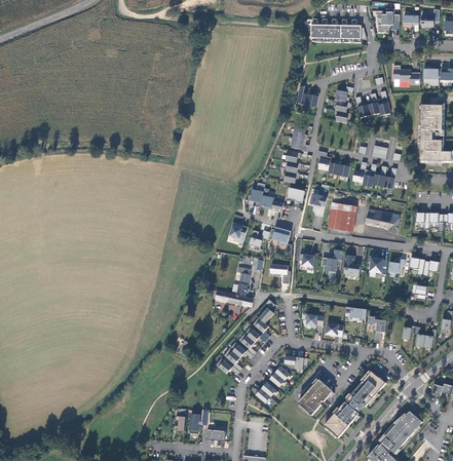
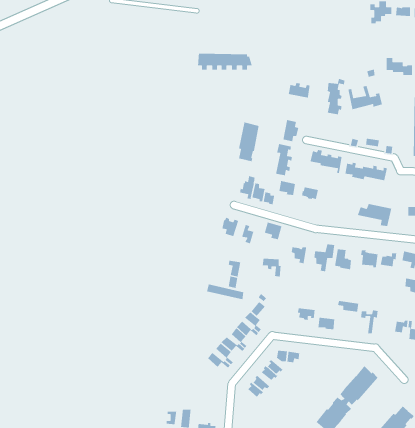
building: [310,25,366,42] -> [197,53,253,70]
building: none -> [238,122,259,162]
building: [328,202,356,231] -> none
building: [299,379,333,417] -> none

